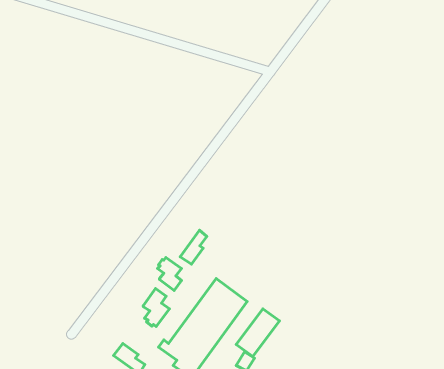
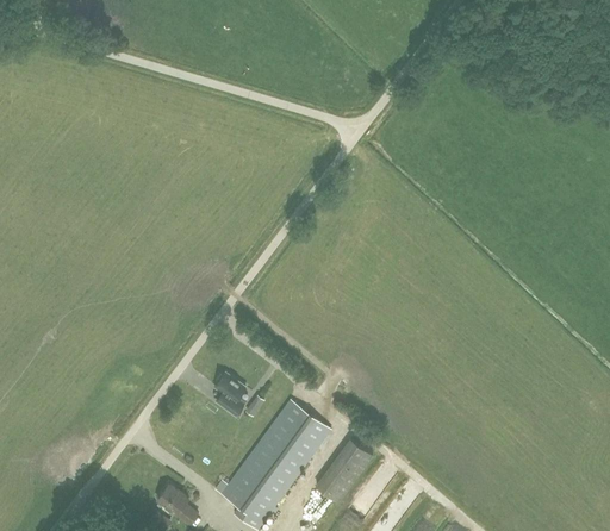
building: [180,230,207,264] -> none
building: [143,288,170,327] -> none

